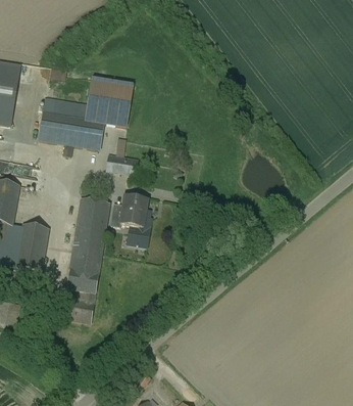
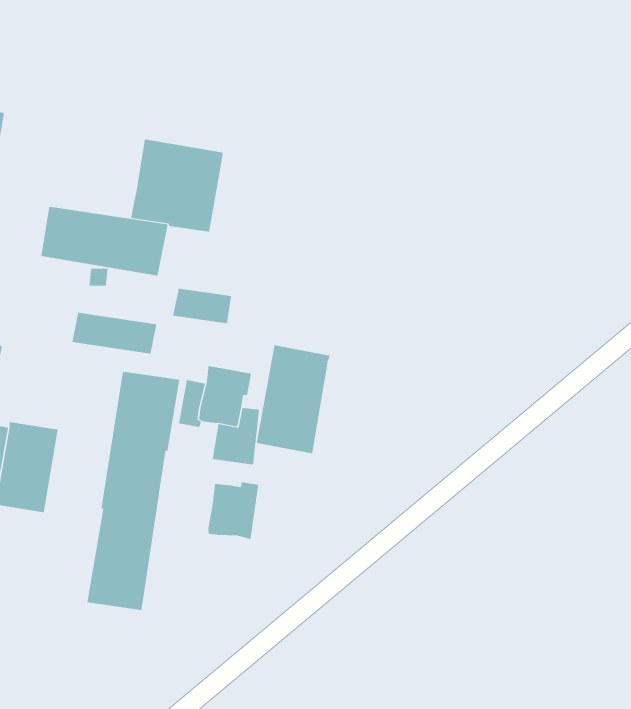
building: [44,97,88,119] -> [72,312,157,354]
building: none -> [256,344,330,454]
building: none -> [208,482,259,540]

